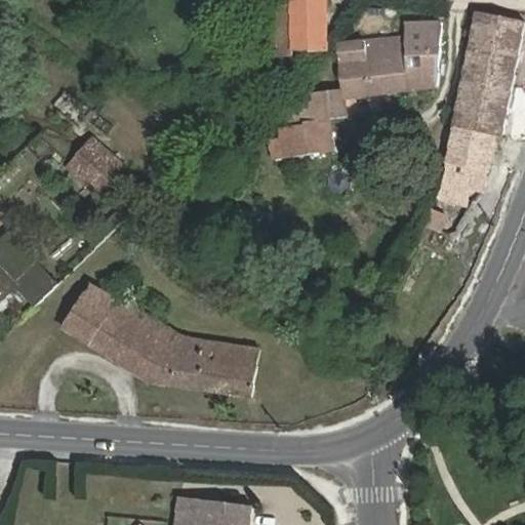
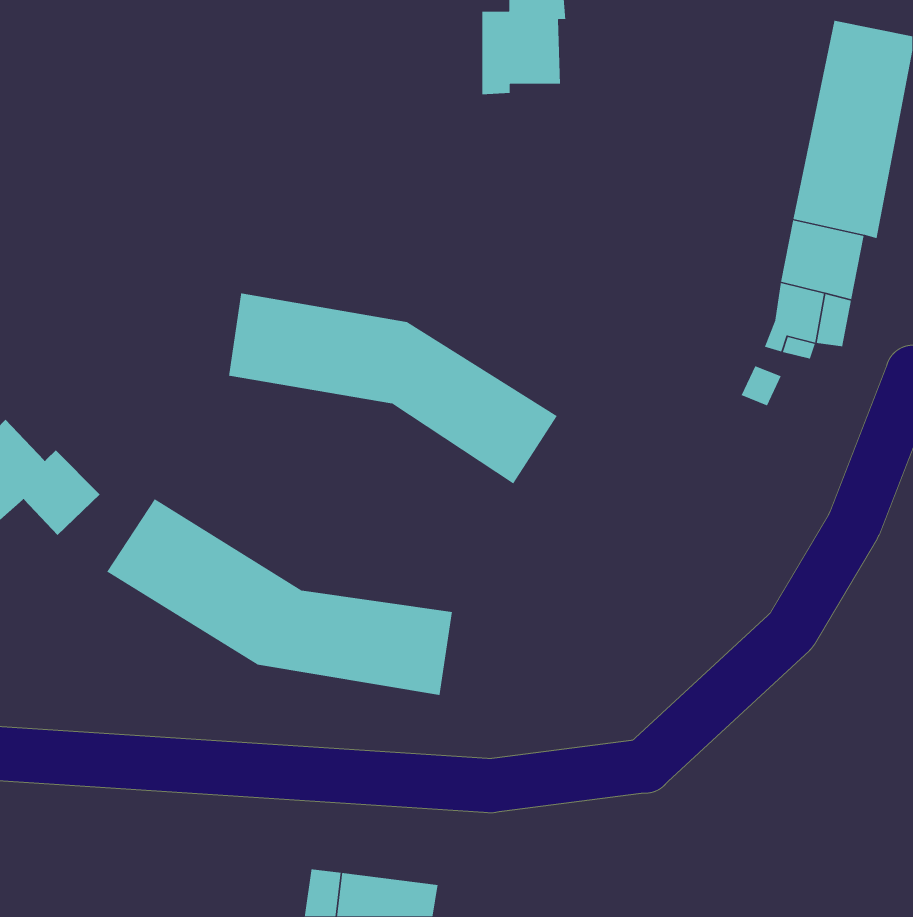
building: [269,22,440,159] -> none
building: [63,133,123,193] -> none
building: none -> [228,293,558,484]

